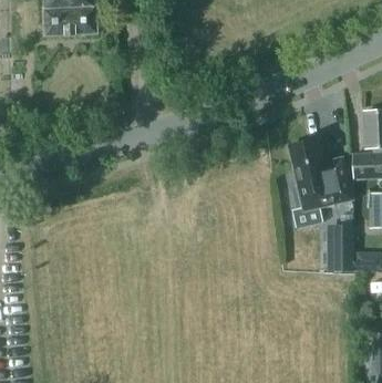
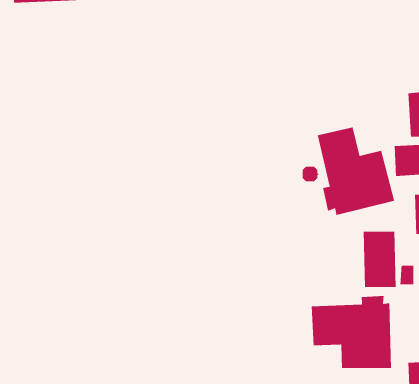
building: none -> [311,295,392,369]

